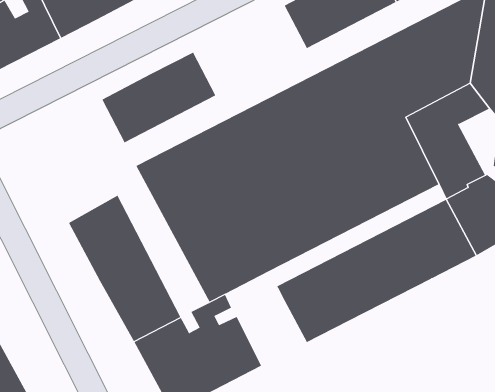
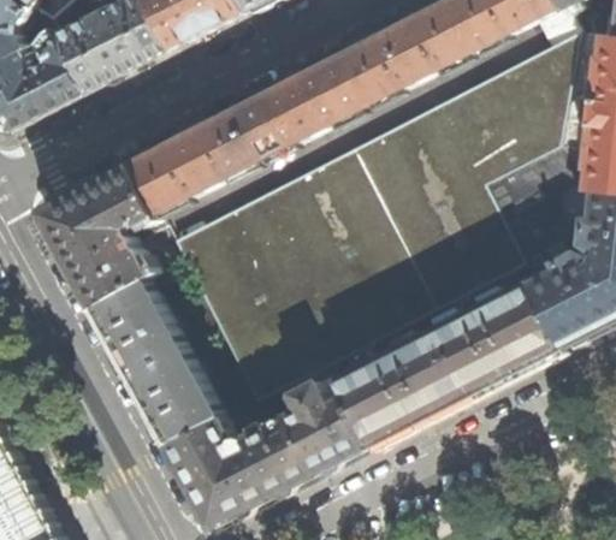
building: none -> [238,54,369,159]
building: none -> [40,164,162,307]
building: none -> [276,363,369,473]

